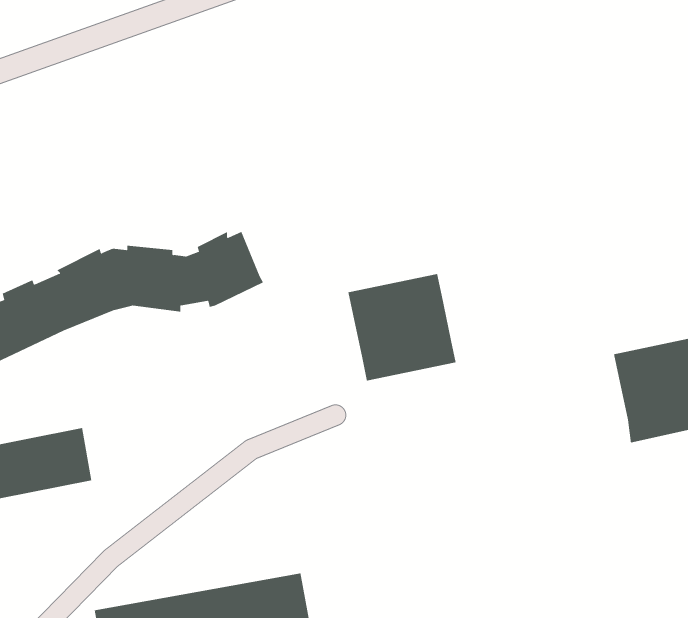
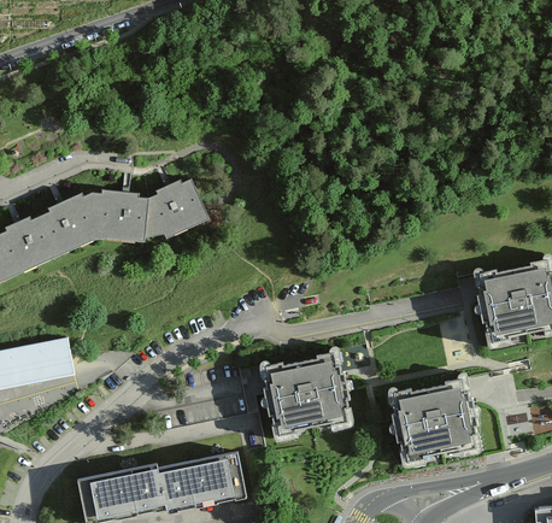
building: [347,273,457,381] -> [263,355,347,439]
building: none -> [392,383,476,466]

